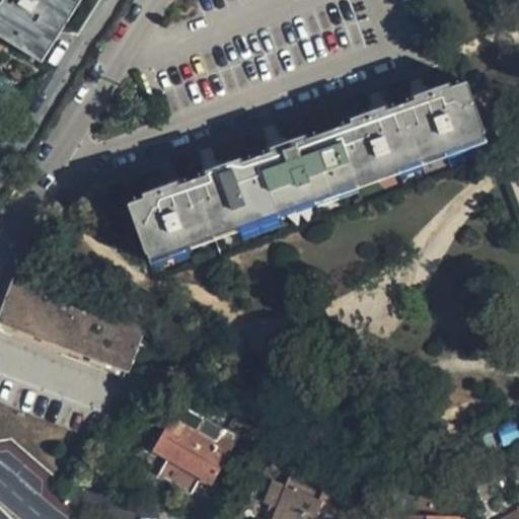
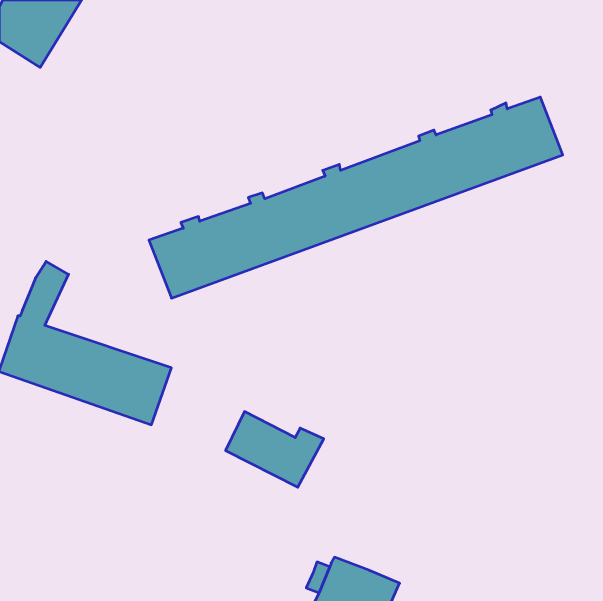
building: [149,422,233,487] -> [226,412,324,487]

